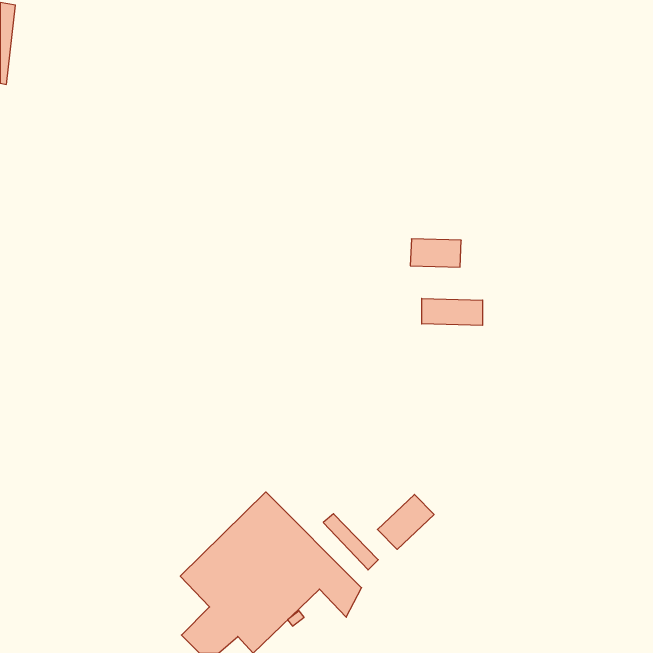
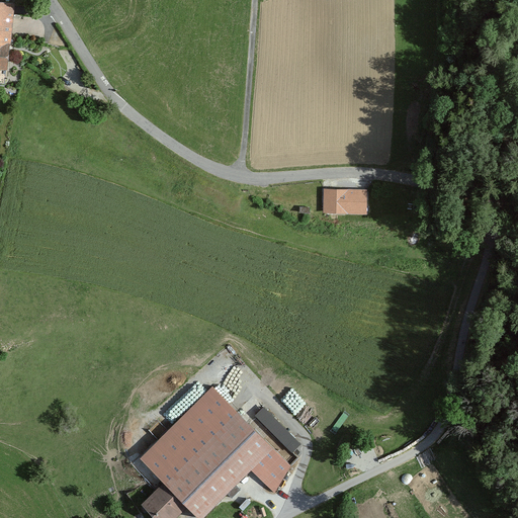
building: [422,298,483,325] -> none
building: [377,494,434,549] -> none

